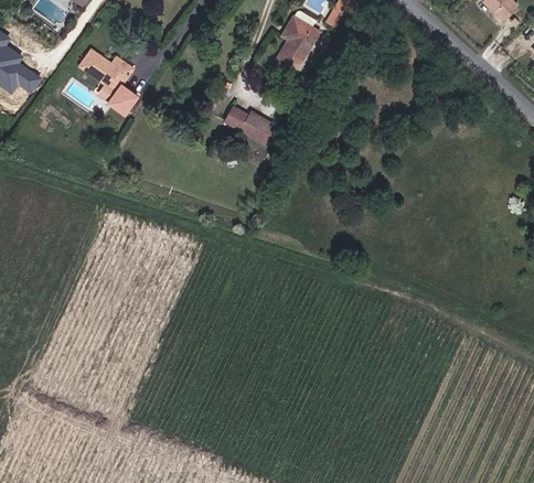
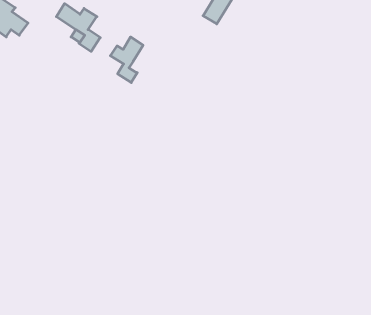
building: none -> [110,37,143,83]
building: [228,108,269,139] -> none

